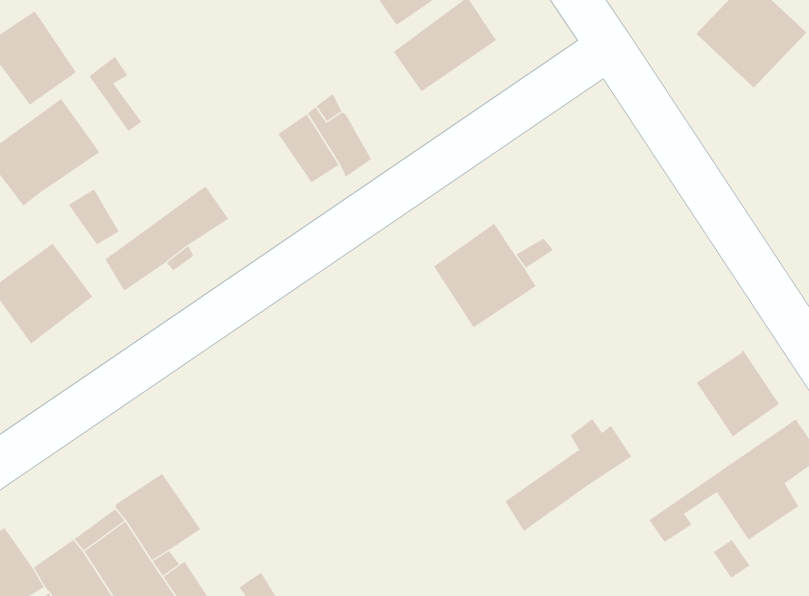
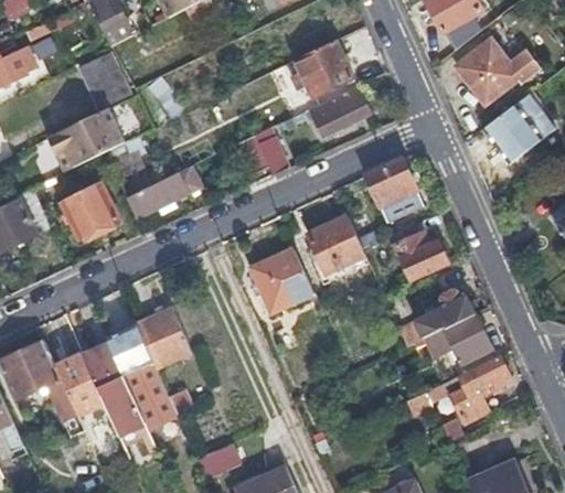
building: none -> [364,159,423,223]
building: none -> [387,223,449,278]
building: none -> [248,247,313,311]
building: [505,418,632,532] -> [398,288,475,345]
building: none -> [138,310,191,367]

